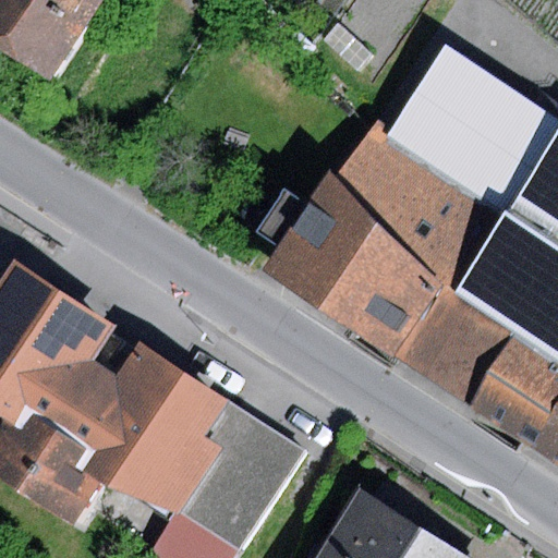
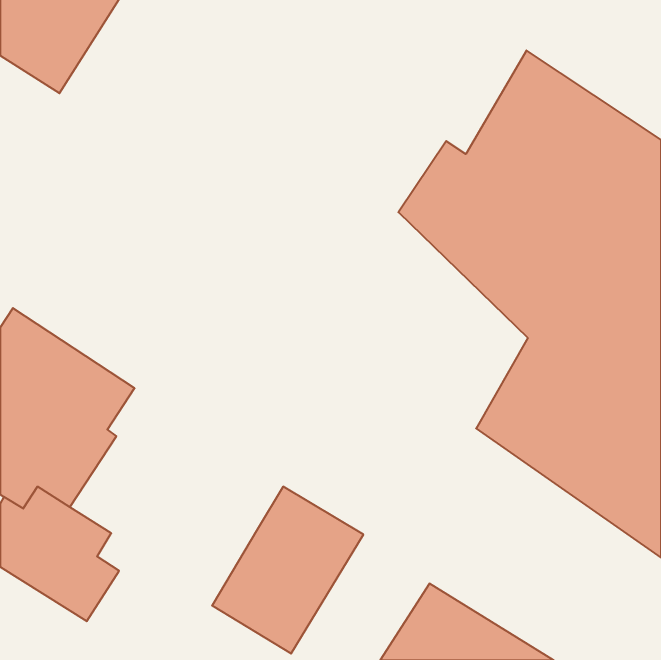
building: [265,170,445,361] -> none
building: [59,342,227,510] -> none

